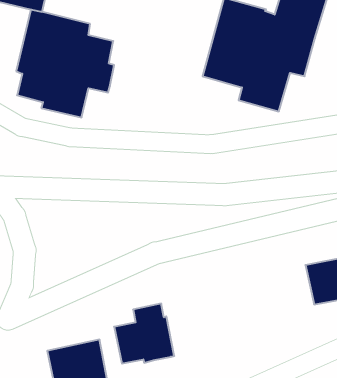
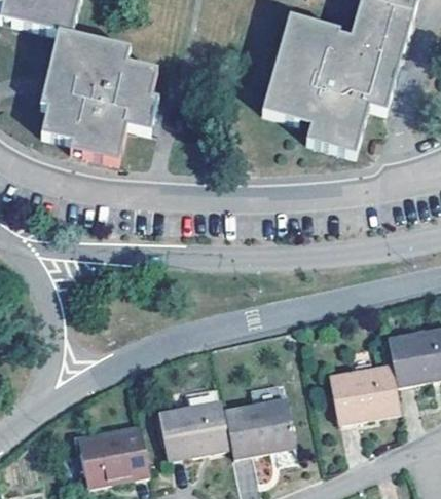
building: none -> [328,364,399,424]
building: none -> [225,384,294,457]

